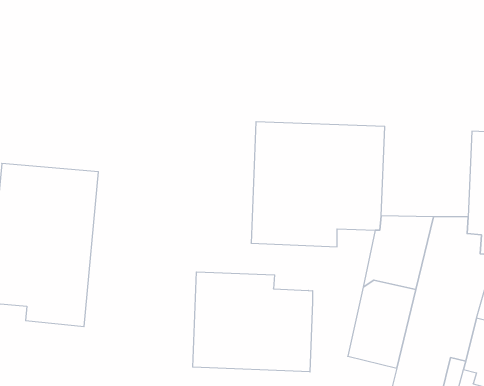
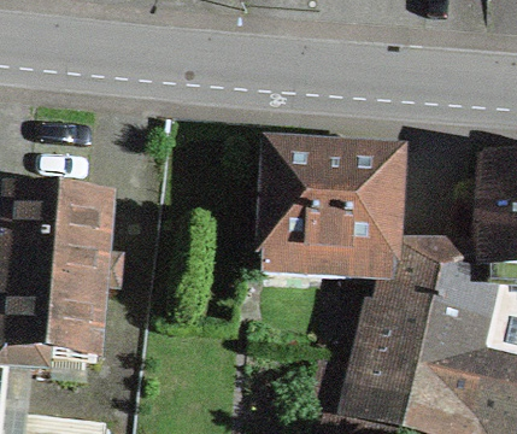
building: [193,272,313,372] -> none

